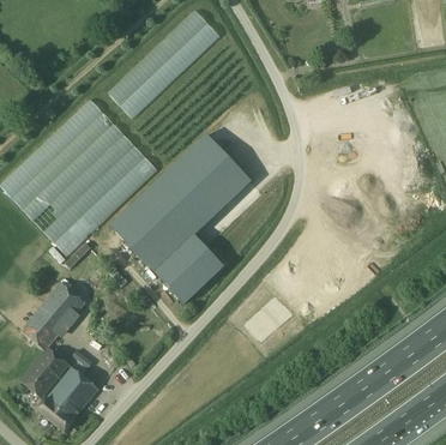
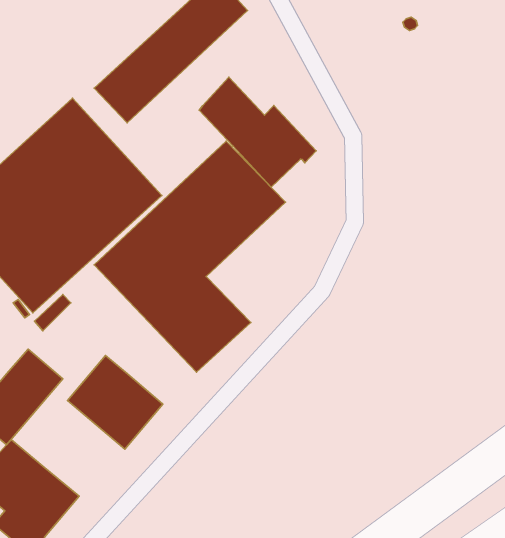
building: none -> [199,77,316,187]
building: none -> [68,356,163,449]

